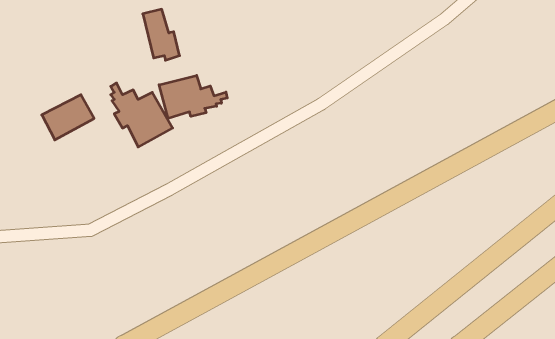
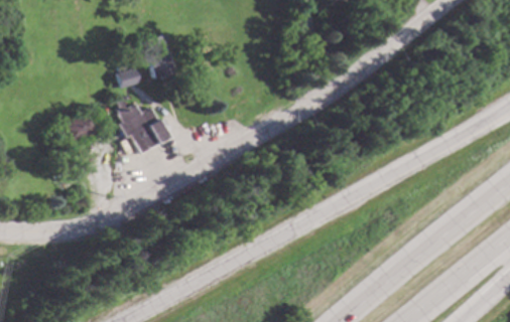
building: none -> [119,60,141,88]
building: [159,75,227,118] -> none

